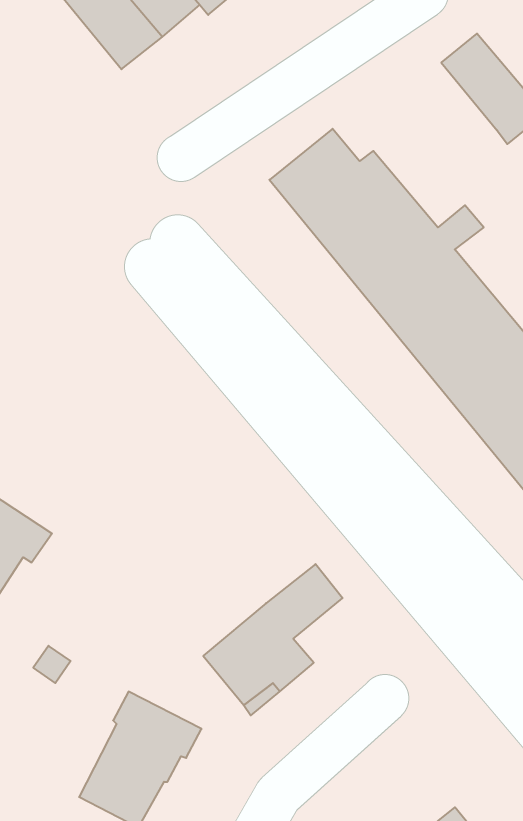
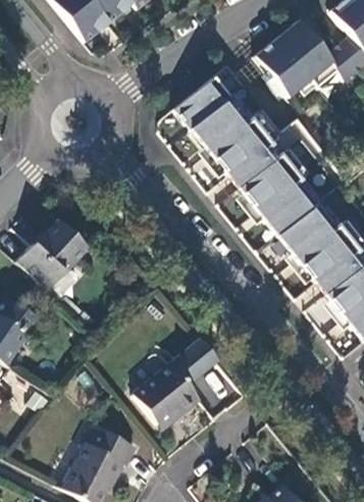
building: none -> [256,38,312,97]
building: none -> [18,219,90,290]

